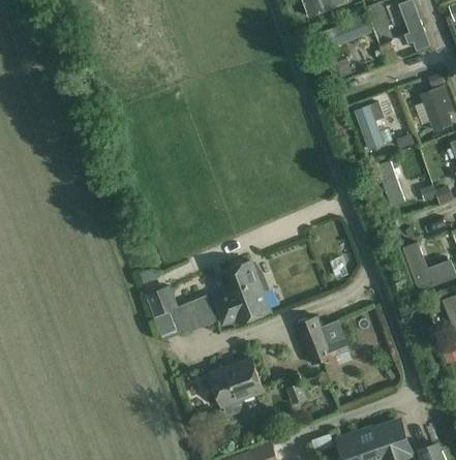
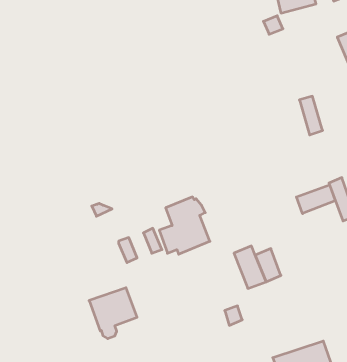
building: [356,100,385,150] -> none
building: none -> [296,185,335,214]
building: [146,286,179,317] -> none
building: [211,360,265,417] -> [89,288,137,339]

